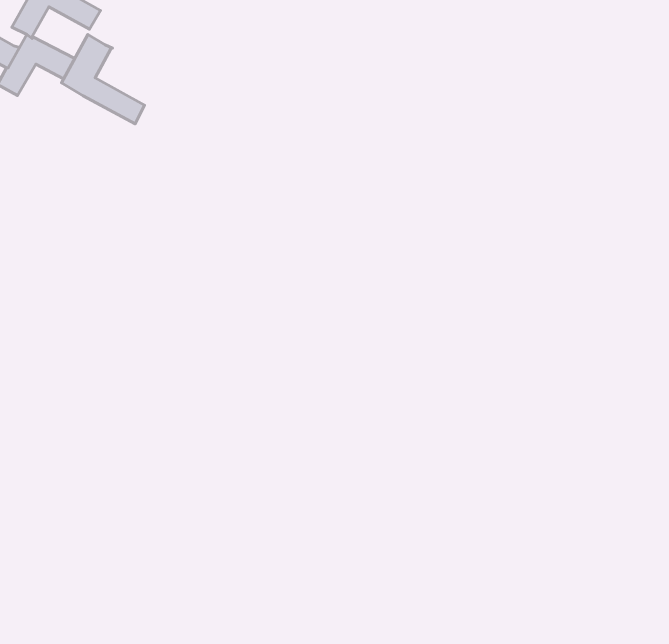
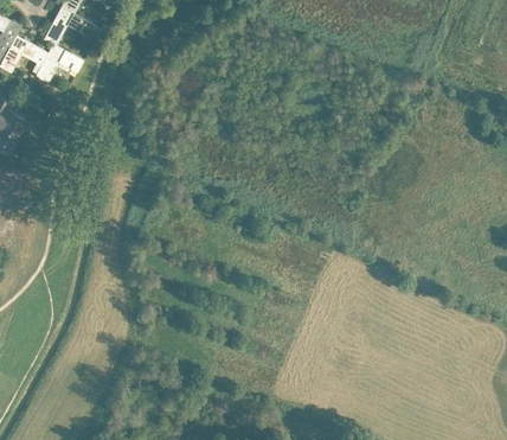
building: [61,35,144,124] -> none

